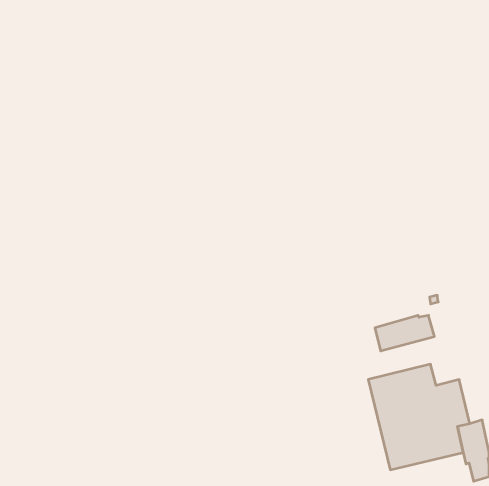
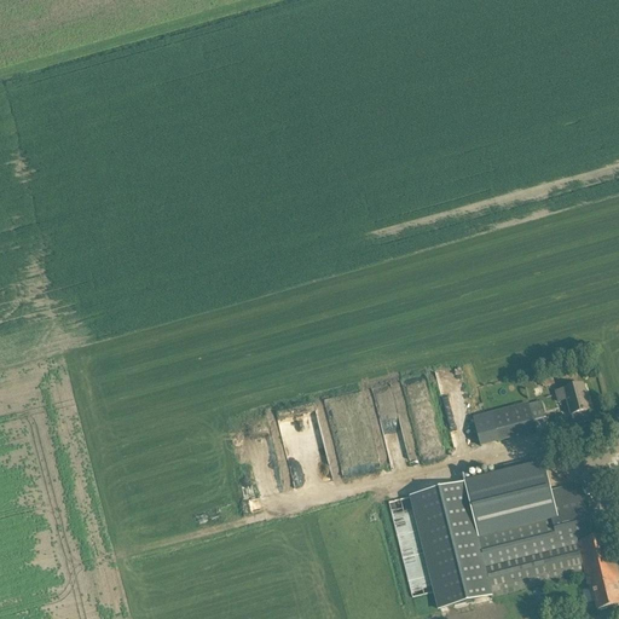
building: none -> [555,380,589,411]
building: none -> [388,484,476,606]

